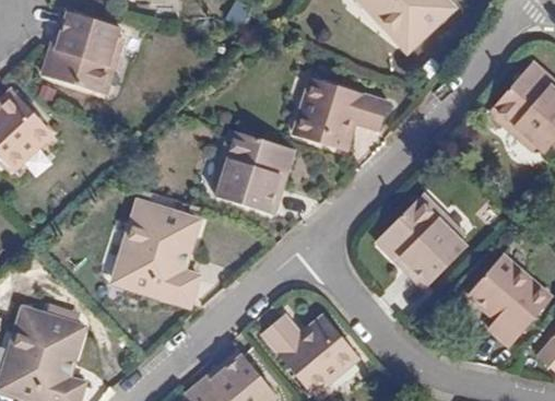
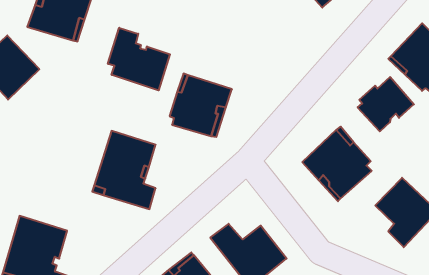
building: none -> [108,28,170,90]
building: [292,74,388,145] -> none
building: none -> [358,77,414,131]

